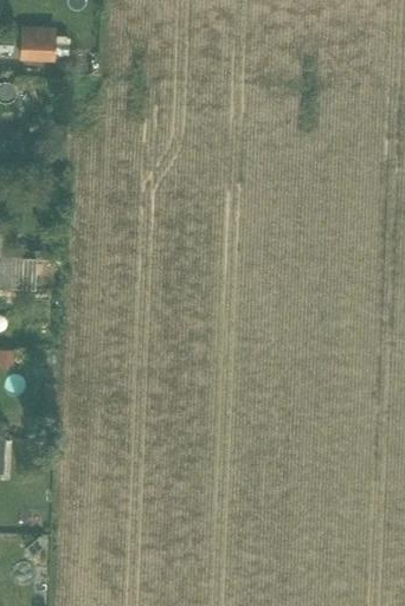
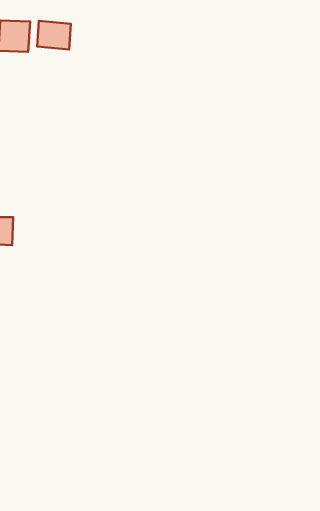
building: none -> [37,21,71,49]

